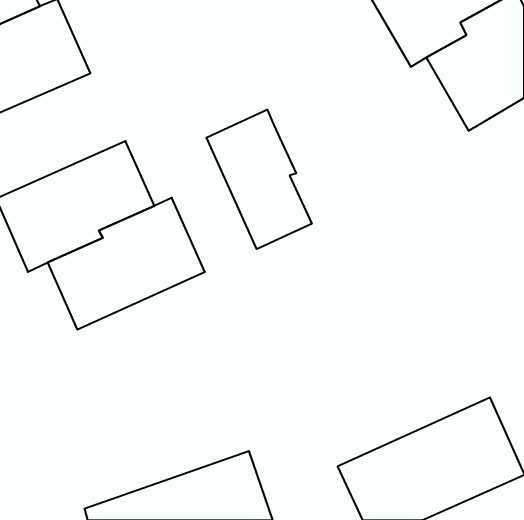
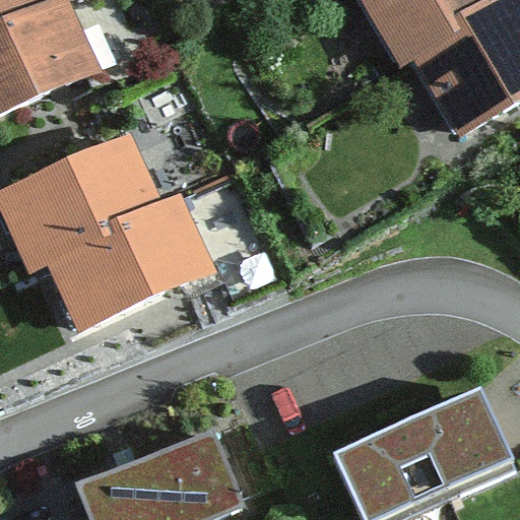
building: [206,110,312,249] -> none

